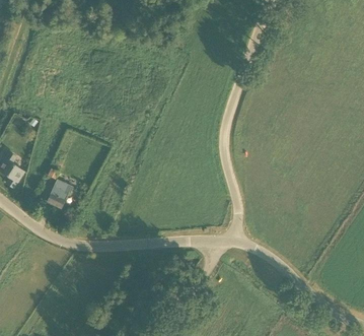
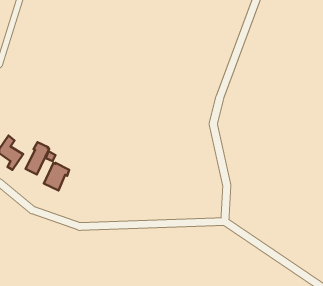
building: none -> [25,142,49,174]

